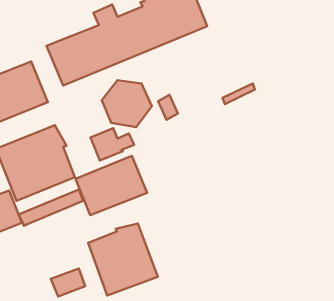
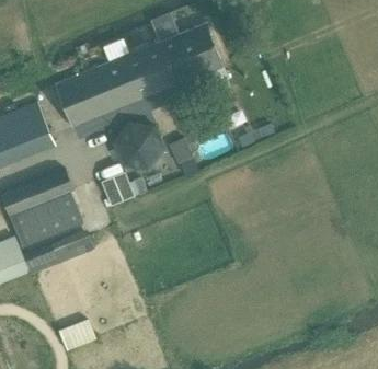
building: [76,156,147,215] -> none
building: [88,223,158,296] -> none

